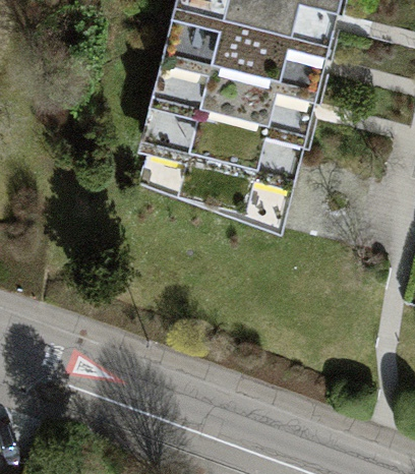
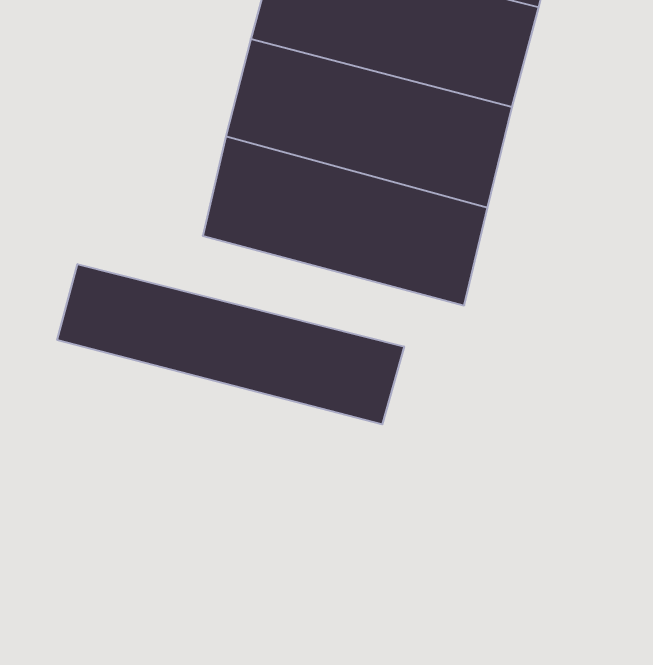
building: none -> [57,264,404,424]

